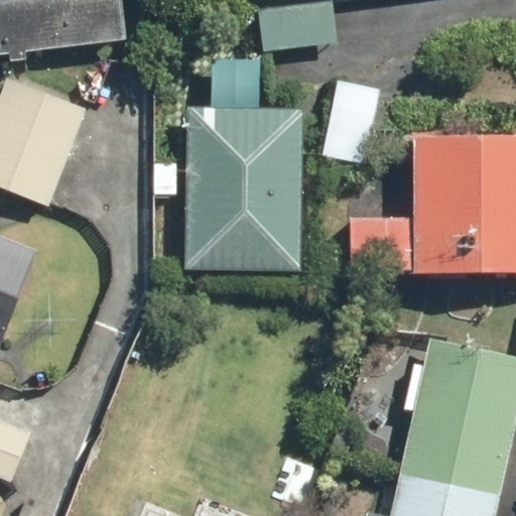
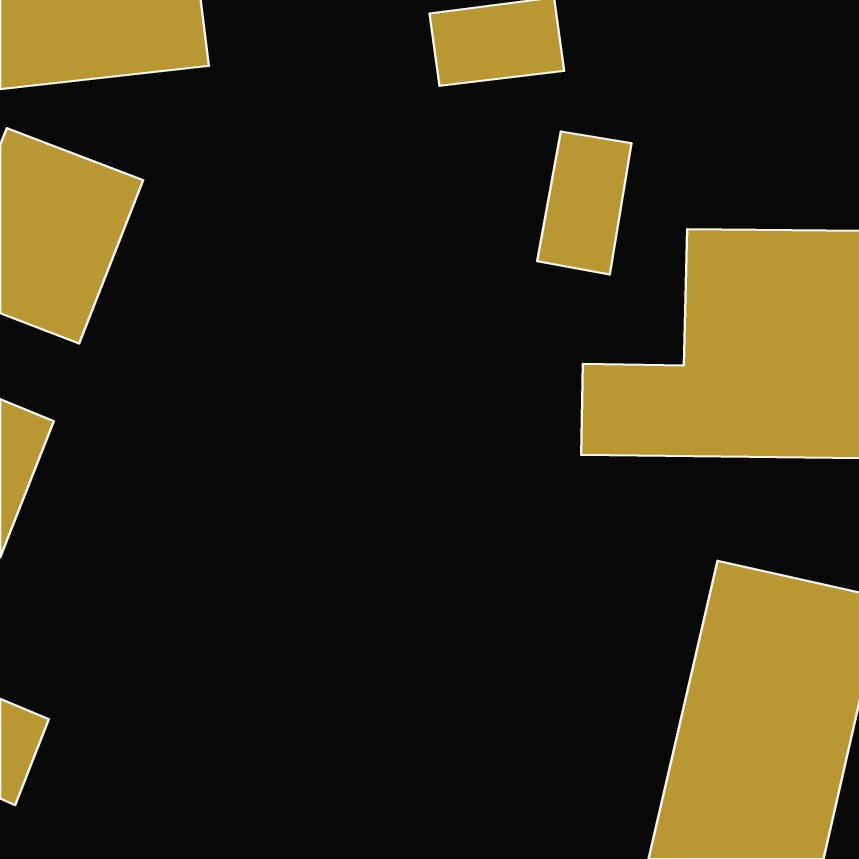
building: [185,108,301,270] -> none

